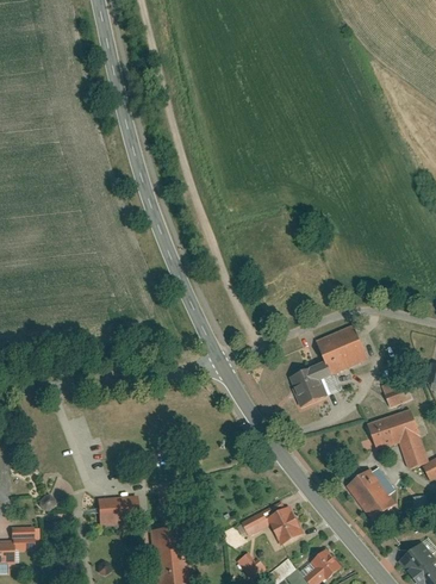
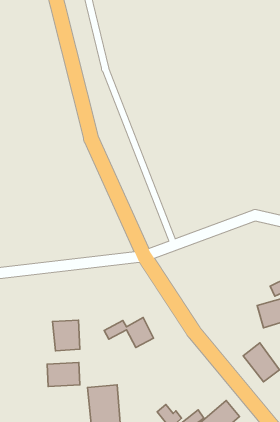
building: [287,327,369,409] -> none
building: none -> [52,320,80,351]
building: [239,505,303,543] -> [104,318,153,347]

